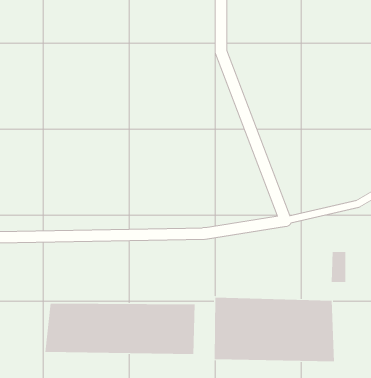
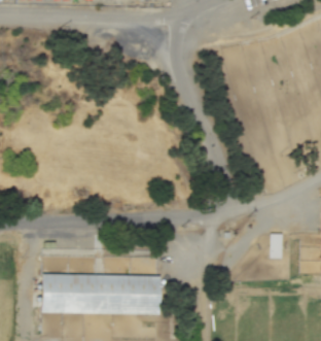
building: [214,297,335,362] -> none

